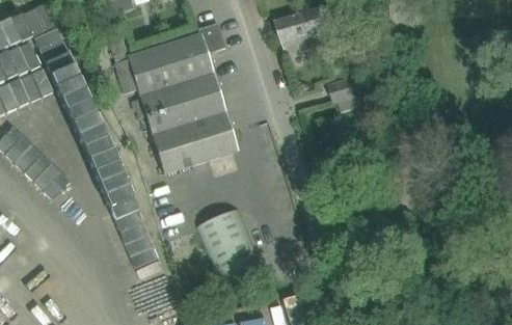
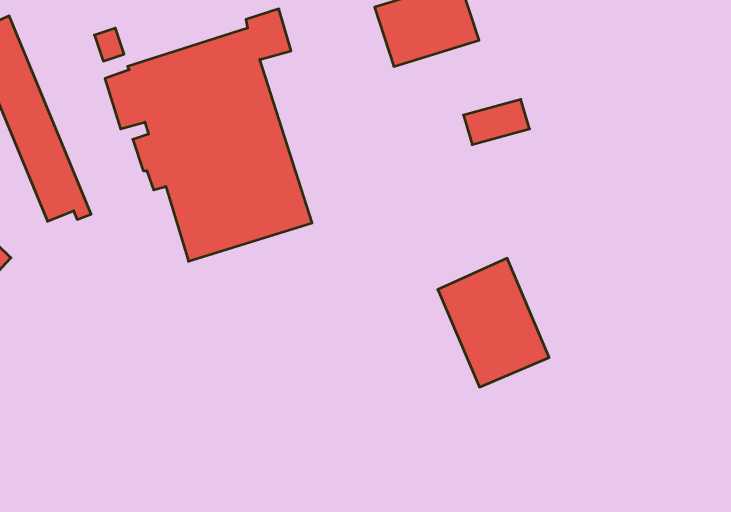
building: [102,155,159,273] -> none
building: [196,208,263,285] -> [438,258,549,387]

